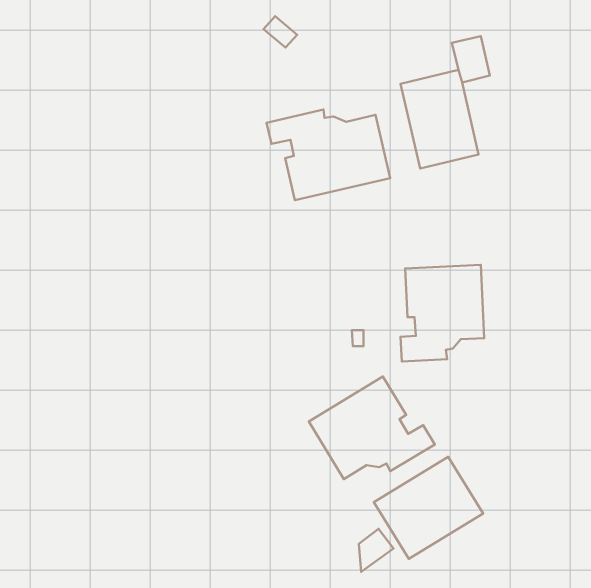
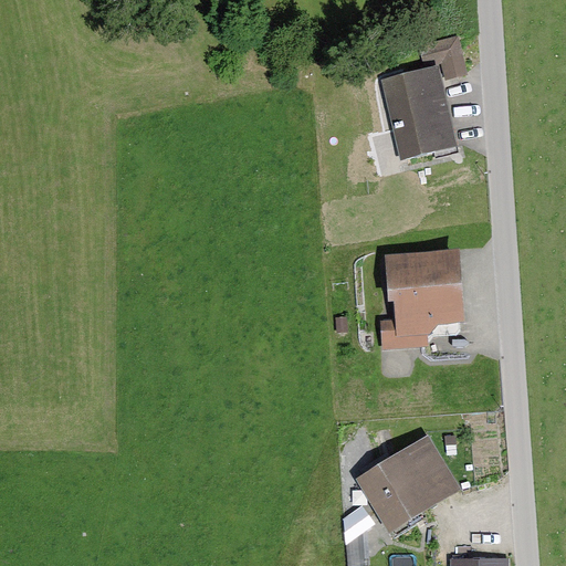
building: [266,110,390,200] -> none
building: [309,376,435,479] -> none

